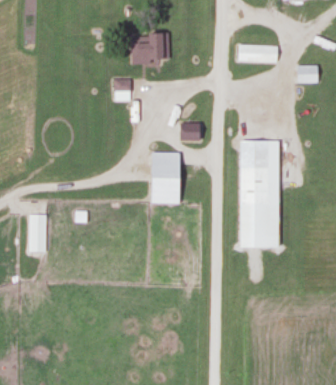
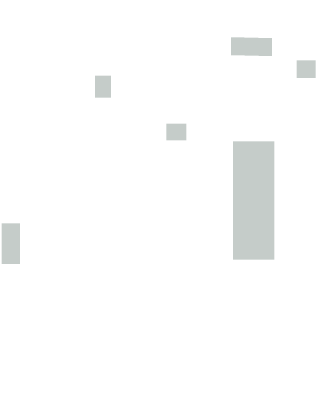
building: [135,34,169,60] -> none
building: [152,152,179,204] -> none

